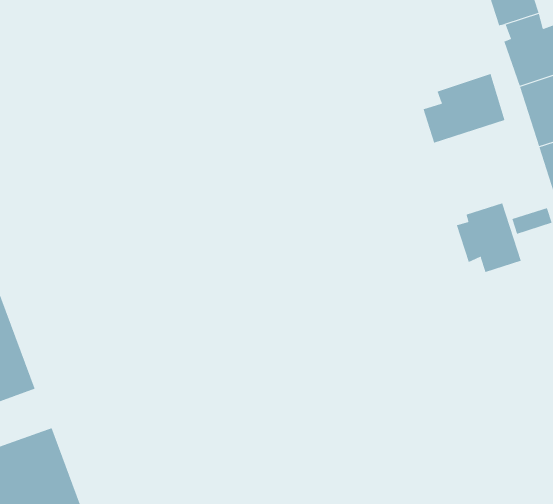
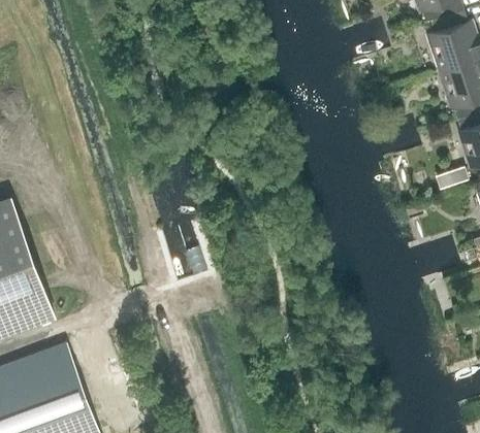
building: [423,73,505,143] -> none
building: [456,203,522,273] -> none

